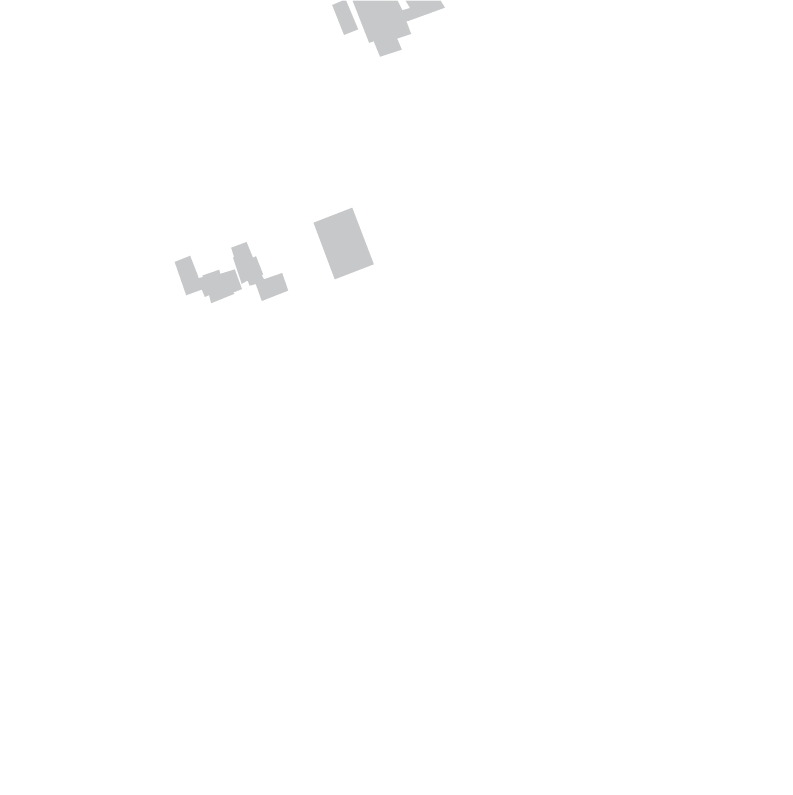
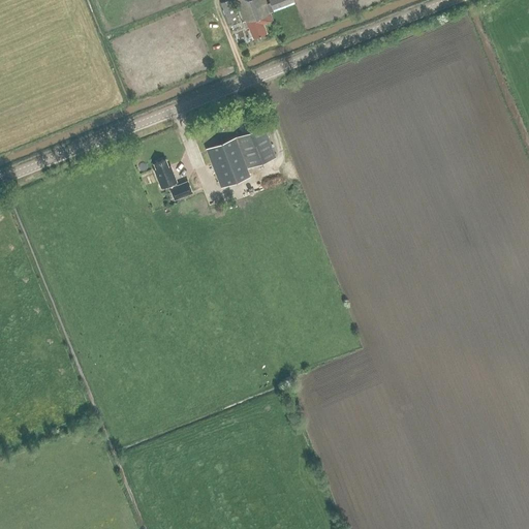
building: none -> [237,126,277,167]
building: [174,255,243,304] -> none

